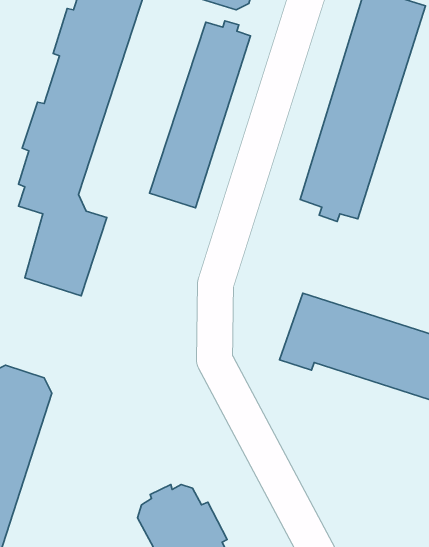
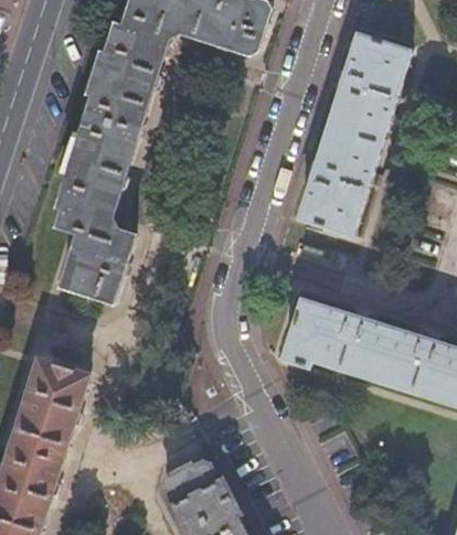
building: [149,21,250,208] -> none

